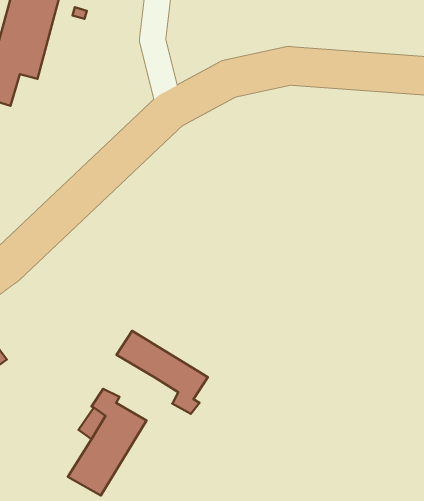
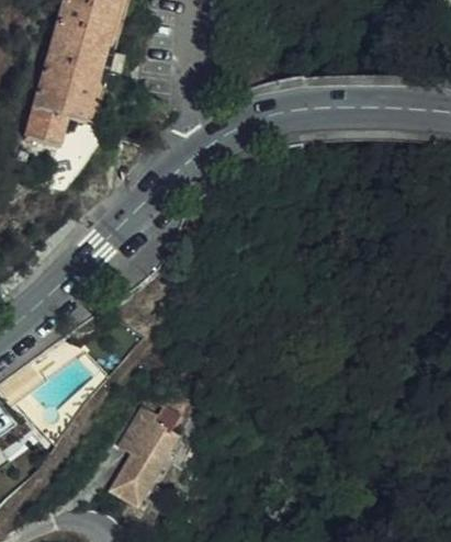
building: [116,331,208,414] -> none

